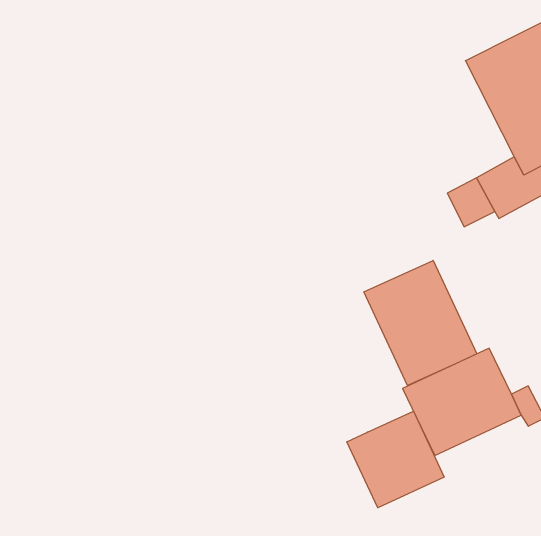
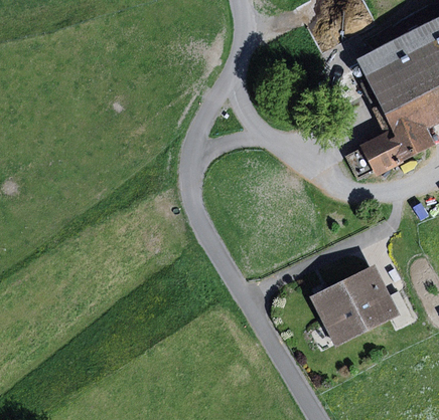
building: [364,260,477,385] -> none
building: [347,411,444,508] -> none

